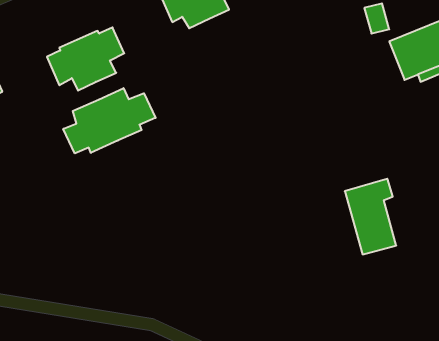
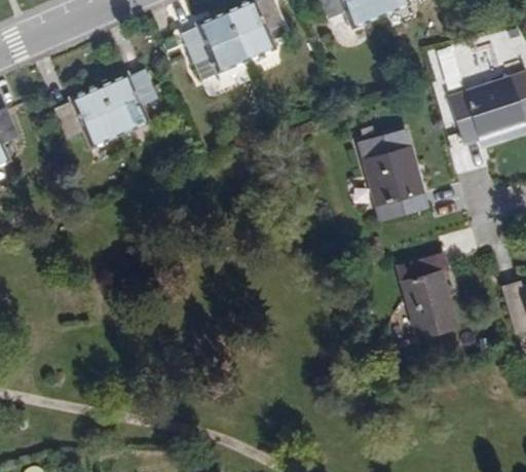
building: none -> [355,125,426,217]
building: [63,88,156,153] -> none

